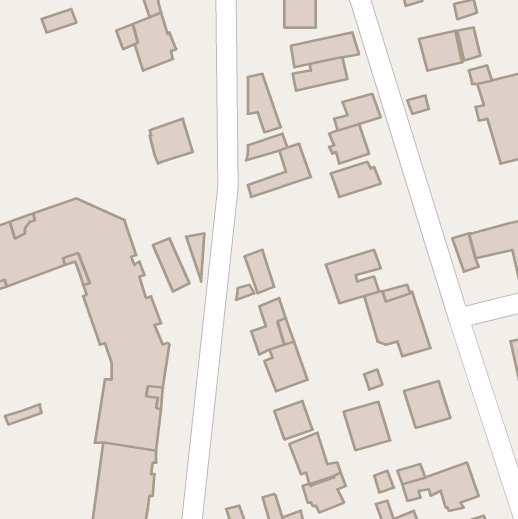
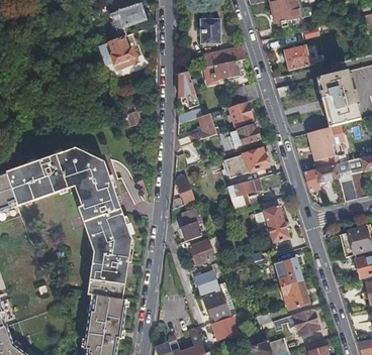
building: none -> [306,127,338,168]
building: none -> [223,148,268,178]
building: [344,402,390,450] -> [281,280,309,310]

